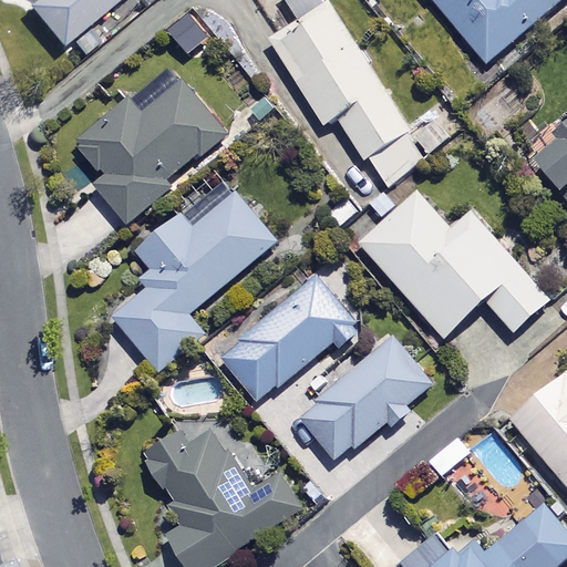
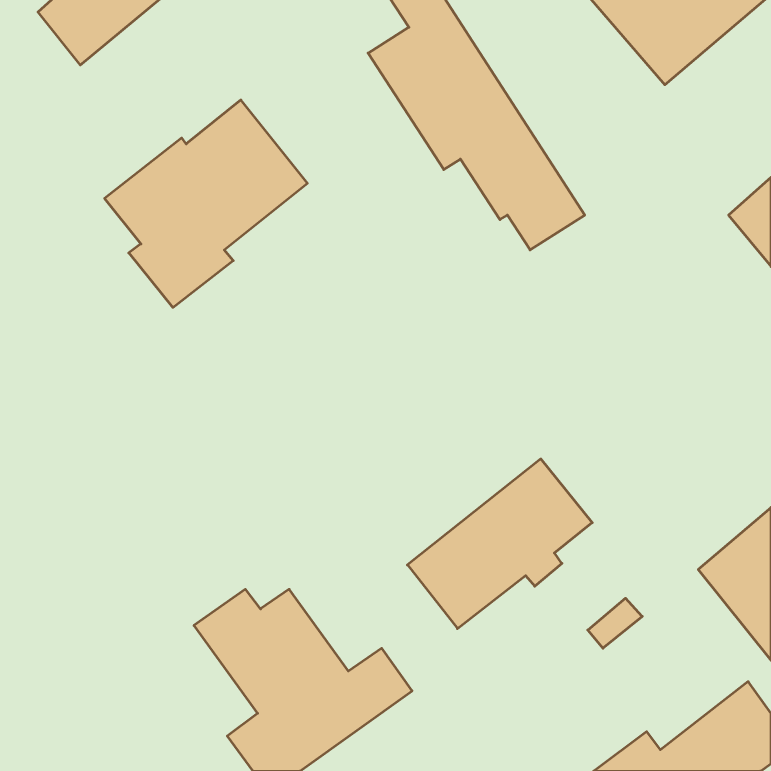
building: [360,192,548,336] -> none
building: [111,193,276,371] -> none
building: [219,277,355,400] -> none

